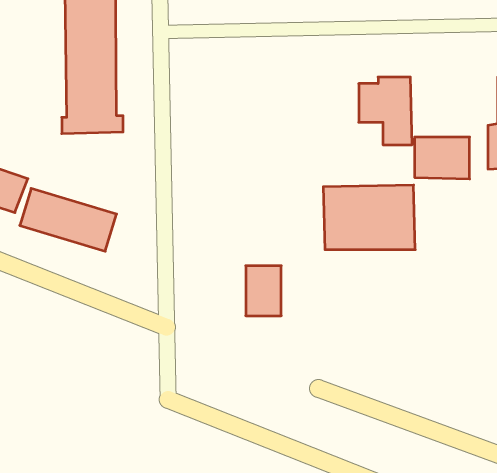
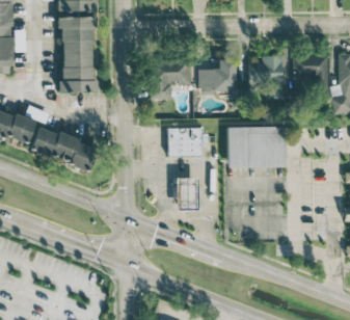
building: none -> [154,60,191,99]
building: none -> [199,60,236,92]
building: [415,137,470,179] -> [293,56,328,83]
building: none -> [168,128,203,156]

